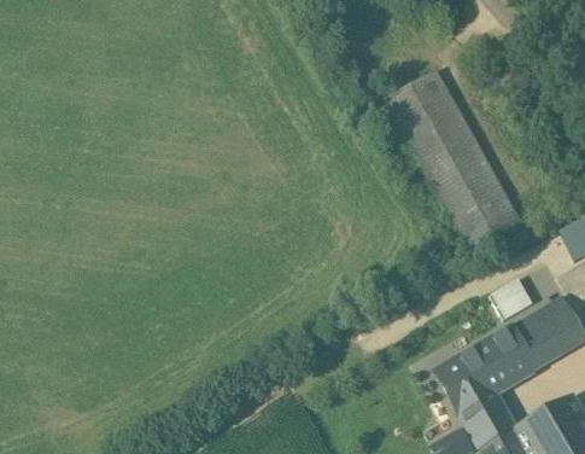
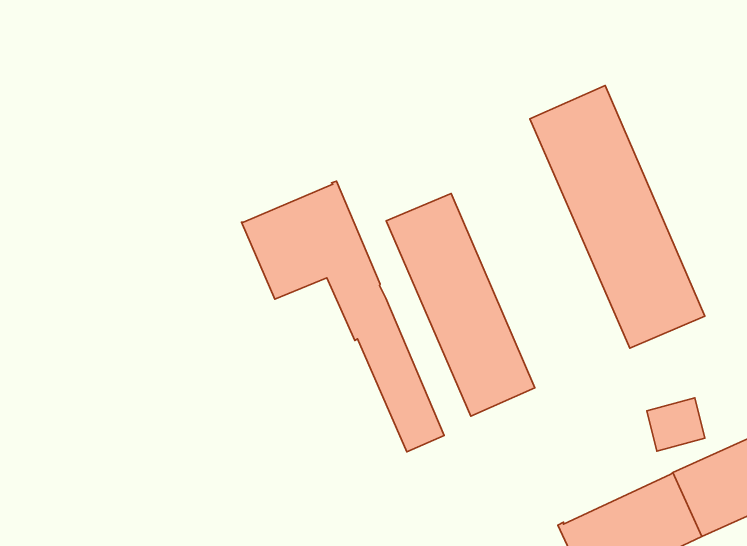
building: none -> [241,181,444,452]
building: none -> [386,193,535,416]

